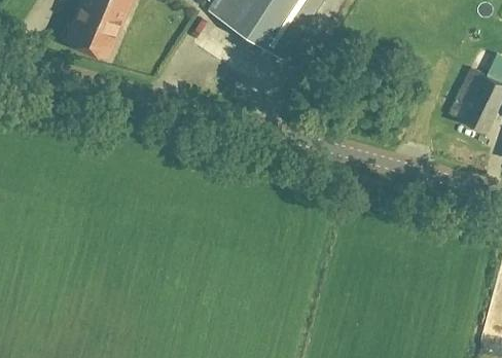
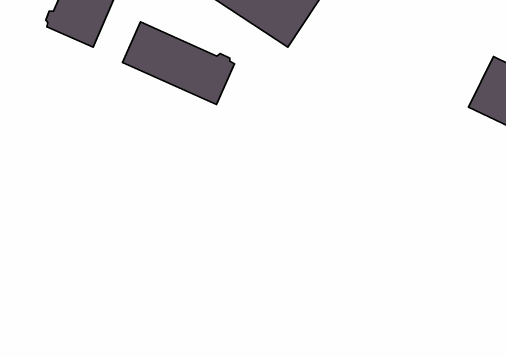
building: none -> [123,22,234,104]

